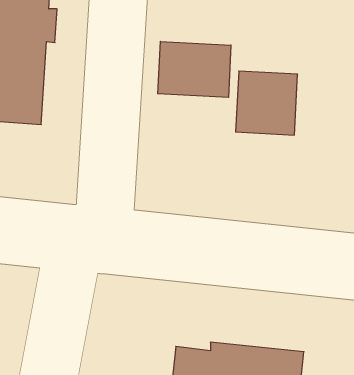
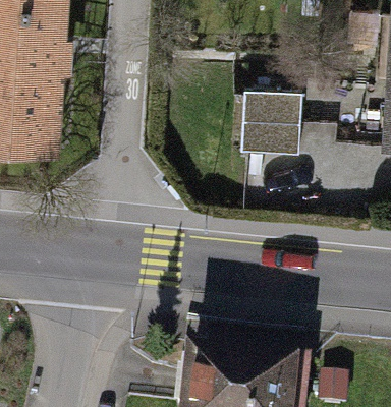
building: [158,41,231,97] -> none

